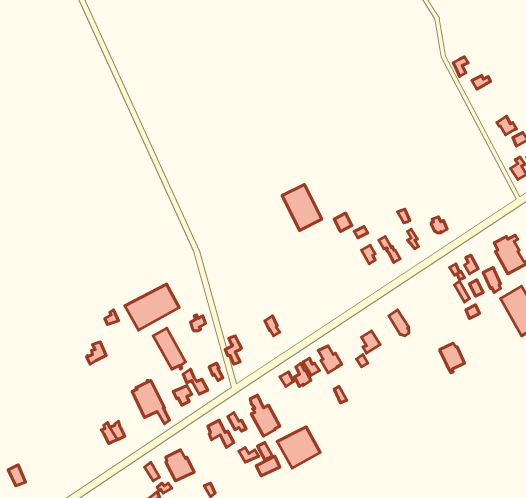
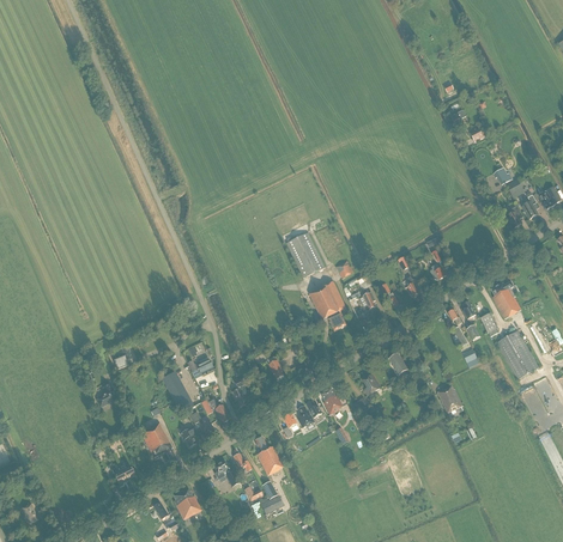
building: none -> [309,281,346,330]
building: [125,284,179,330] -> none
building: [277,427,320,468] -> none

